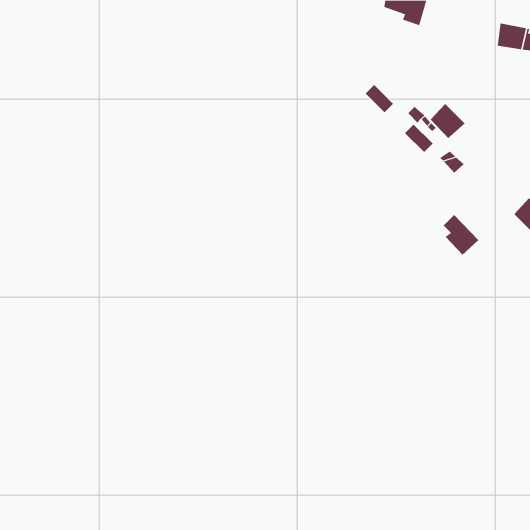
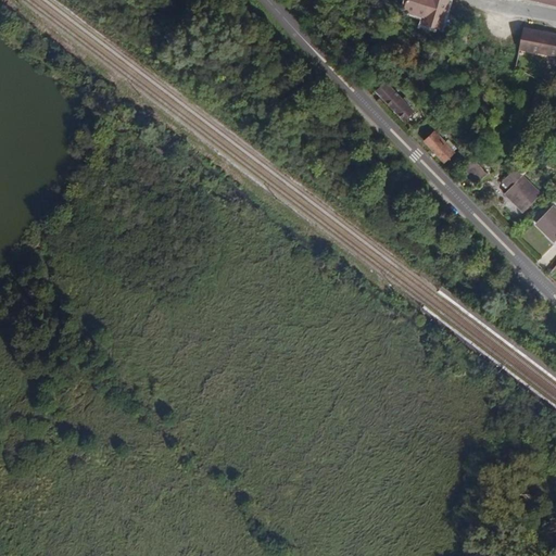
building: [430,103,465,139] -> none
building: [443,214,479,256] -> [503,169,541,213]

